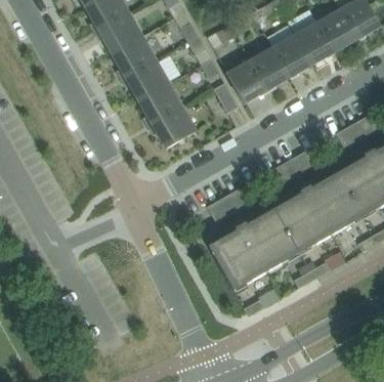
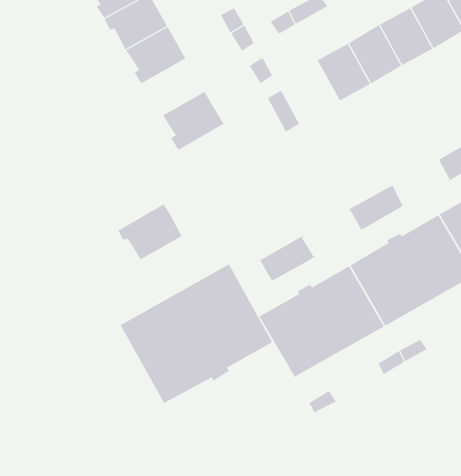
building: [123,59,169,100] -> none
building: [227,60,266,103] -> none
building: [150,107,197,147] -> [117,204,183,260]
building: none -> [120,263,273,404]

